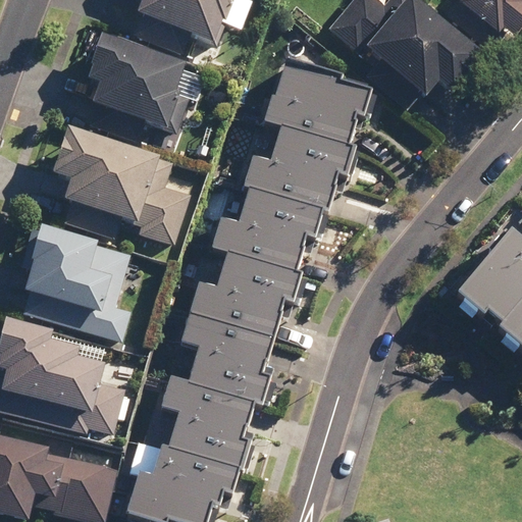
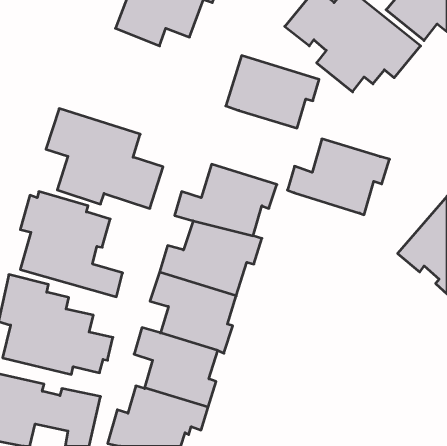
building: [86,33,202,141] -> none
building: [237,127,355,215] -> [287,139,390,215]

